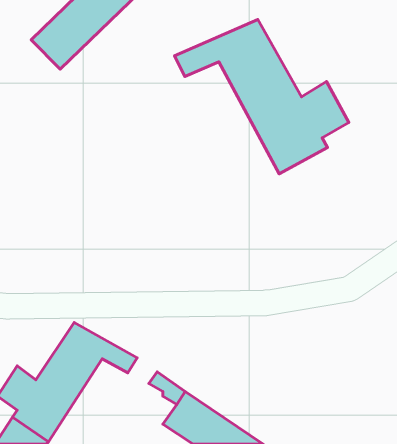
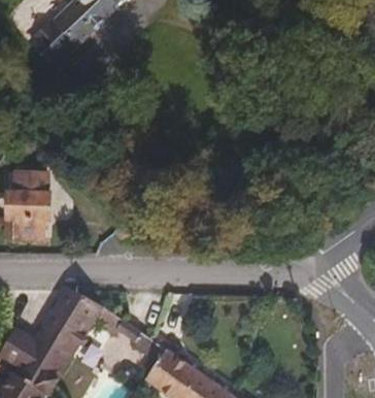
building: [174,19,349,174] -> none
building: none -> [8,174,48,239]

